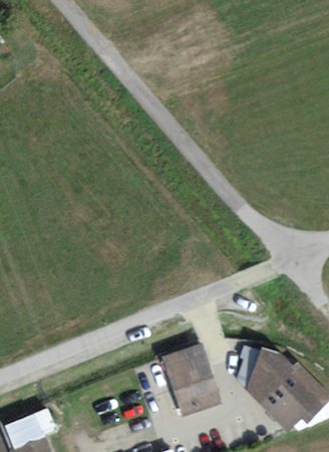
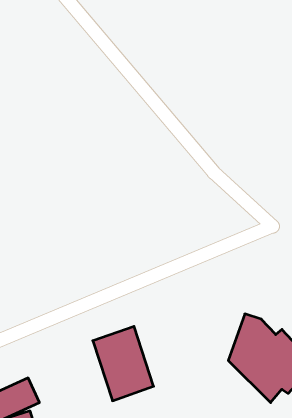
building: [160,344,220,416] -> [93,326,154,401]

